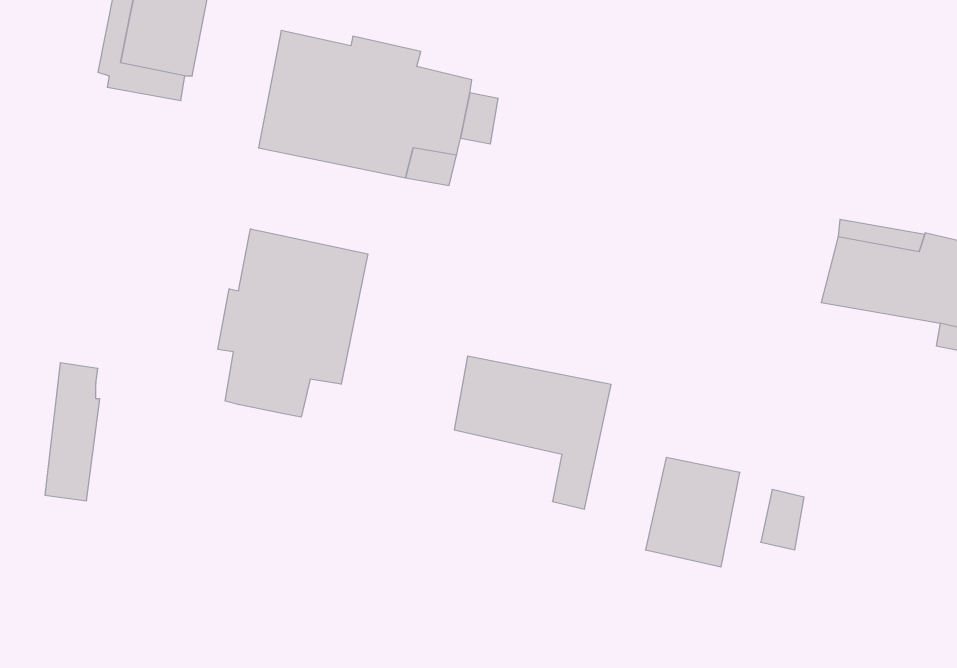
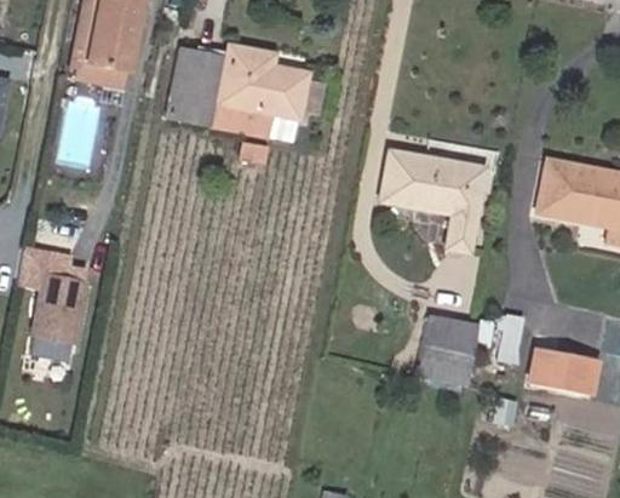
building: [218,229,368,417] -> none
building: [454,356,611,509] -> [383,150,483,248]
building: none -> [529,353,597,401]

